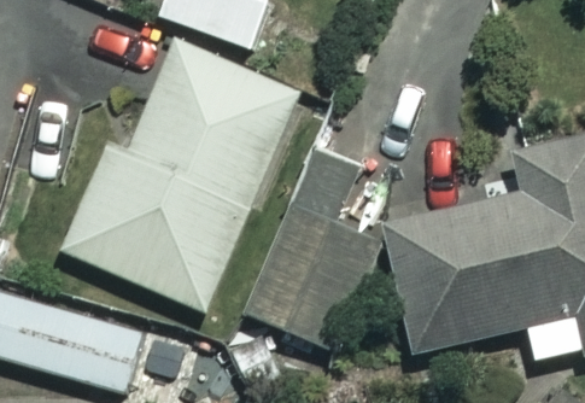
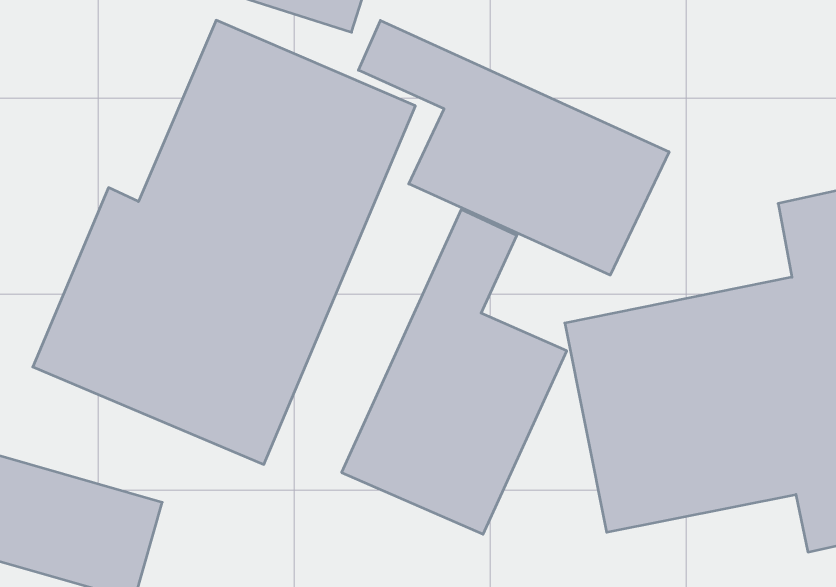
building: none -> [358,20,669,275]

